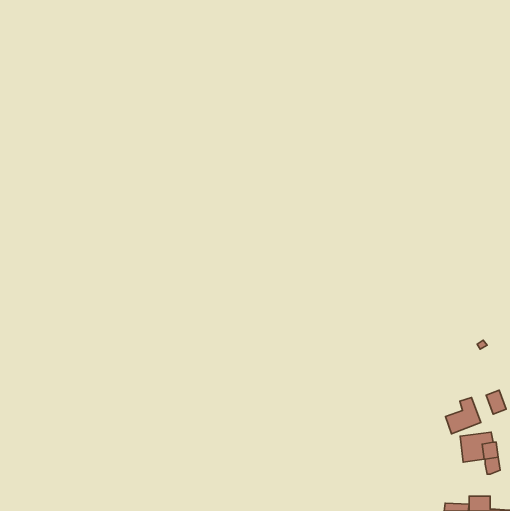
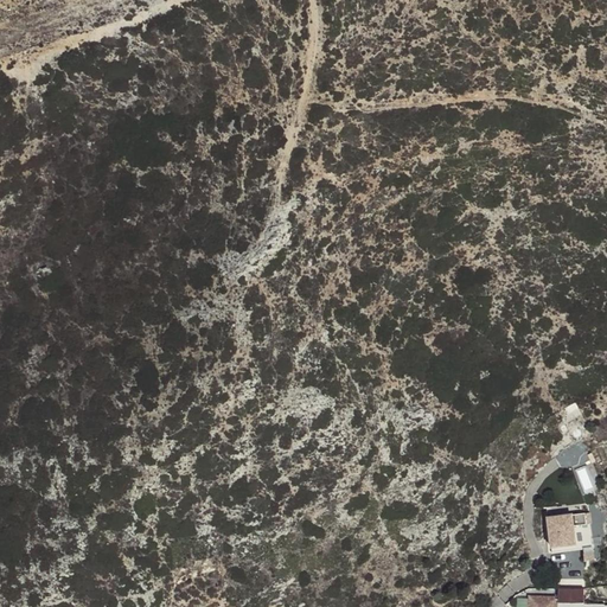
building: [446,398,481,434] -> none

